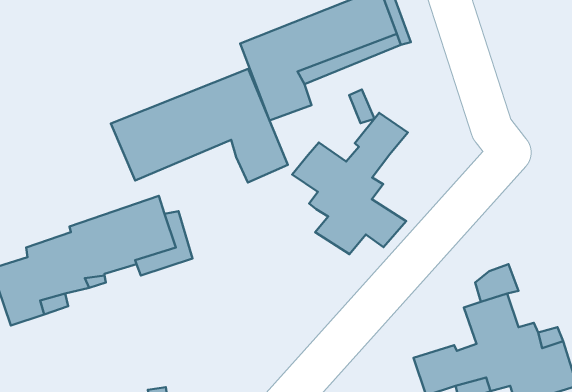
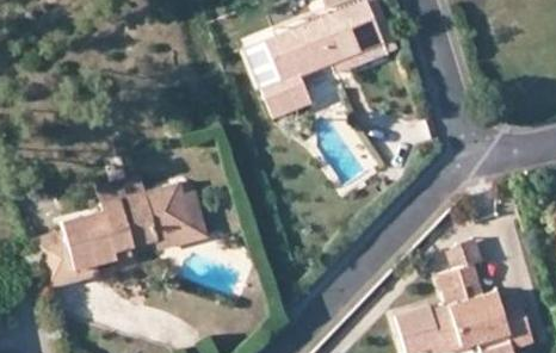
building: [111,69,288,183] -> none
building: [292,113,408,254] -> none

